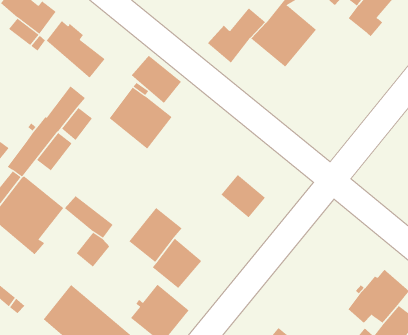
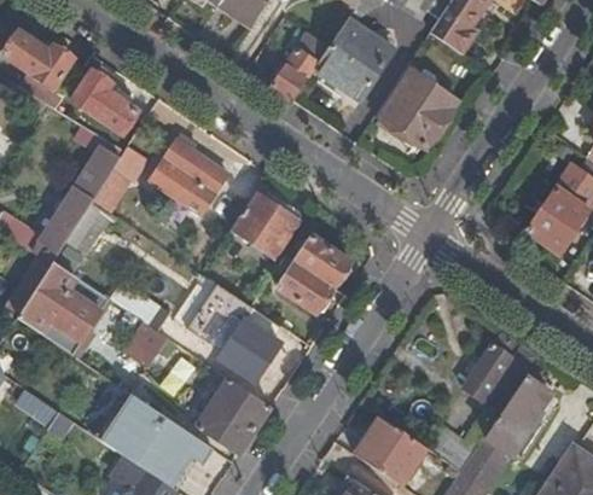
building: none -> [379,71,457,147]
building: [131,55,182,104] -> none
building: none -> [234,193,298,254]
building: none -> [278,262,332,313]

